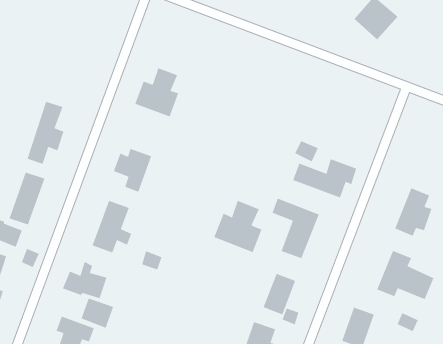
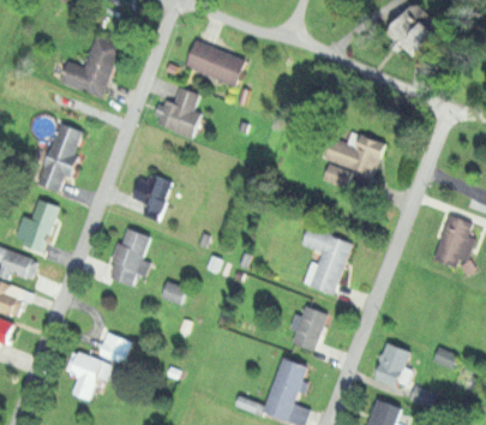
building: none -> [59,36,120,96]
building: none -> [186,38,250,85]
building: [292,158,357,199] -> [320,133,390,176]
building: [213,200,263,253] -> none
building: [376,250,435,300] -> none
building: [62,261,108,299] -> none

